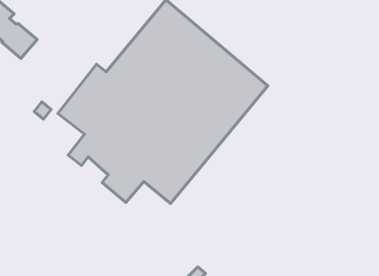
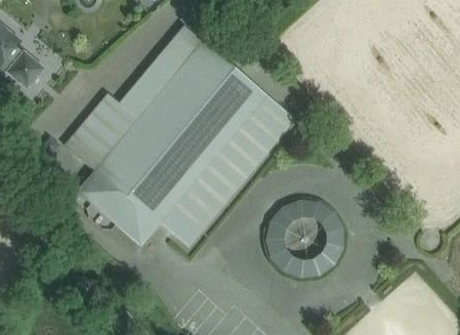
building: none -> [268,192,360,291]

